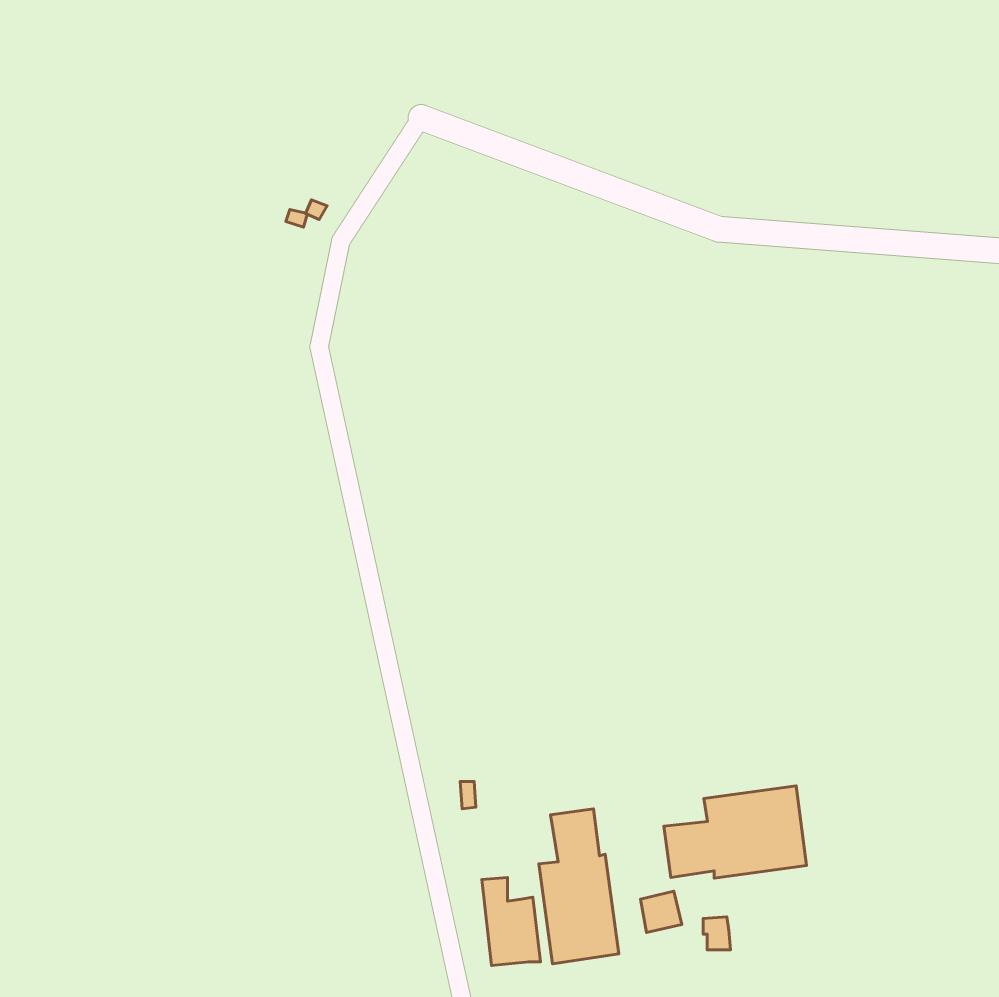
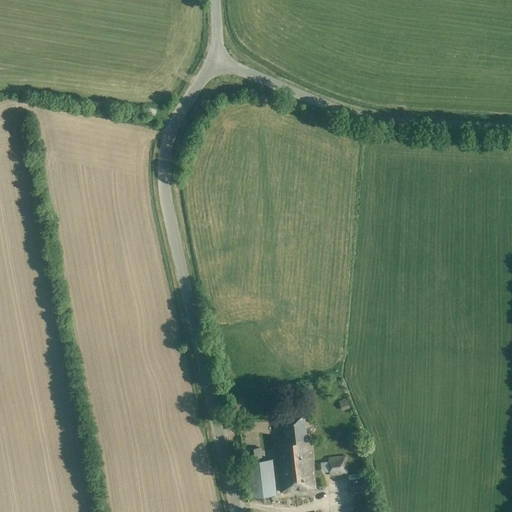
building: [664,786,807,878] -> none

